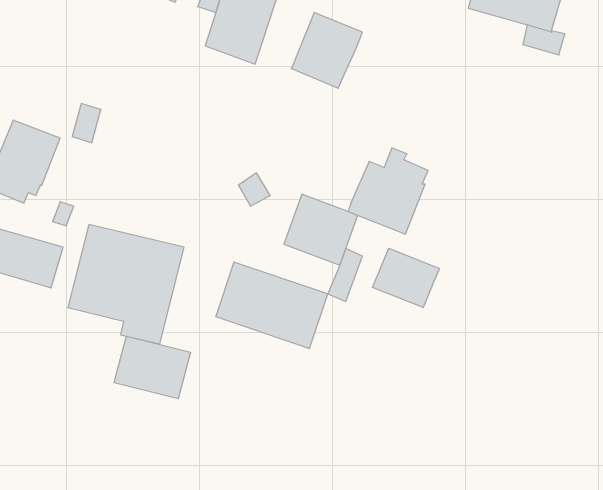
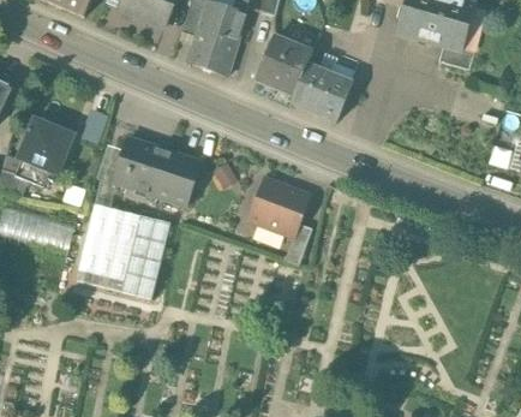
building: [348,148,428,234] -> [291,52,354,120]
building: [373,248,439,308] -> none
building: [216,262,328,348] -> [113,137,202,205]
building: [114,336,190,399] -> none

